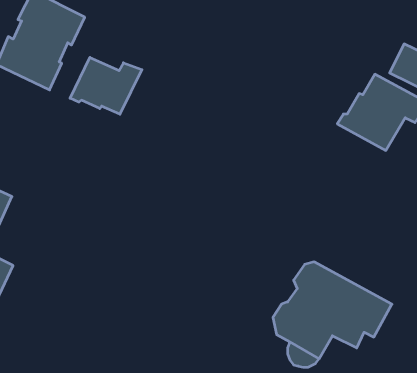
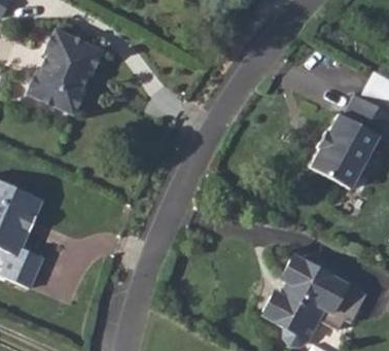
building: [70,57,142,114] -> none
building: none -> [308,139,358,184]

